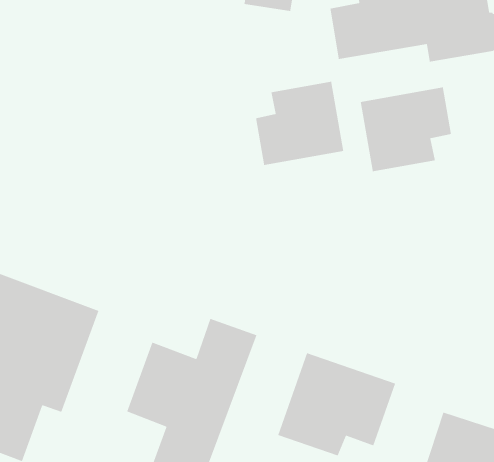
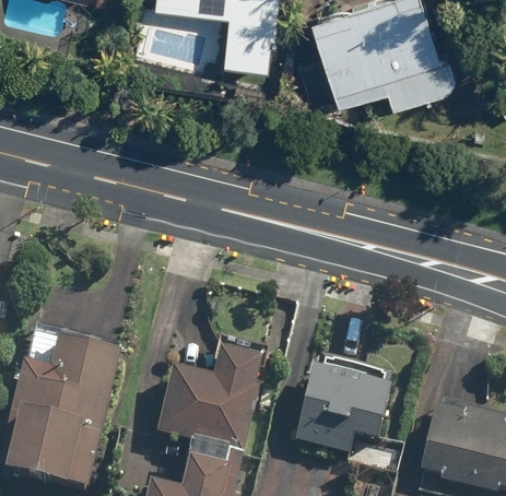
building: [255,81,344,166] -> none
building: [360,87,452,172] -> none

